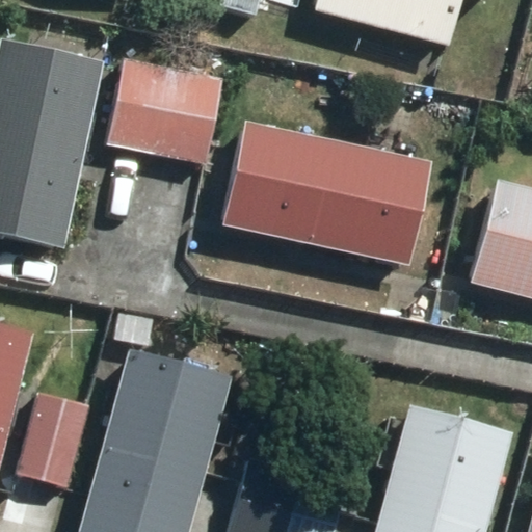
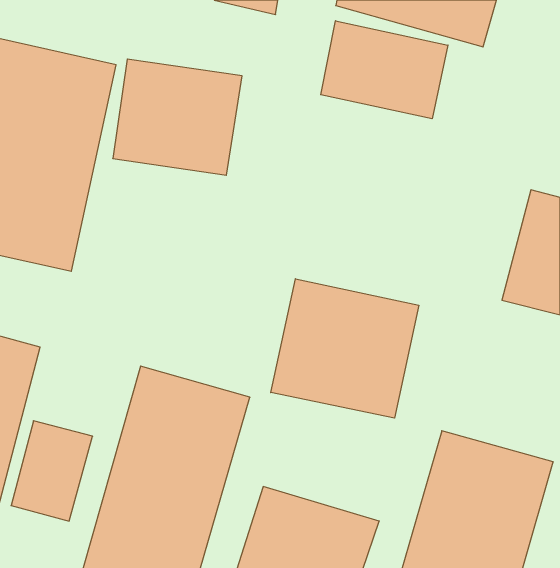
building: none -> [321,21,448,119]
building: [218,119,431,266] -> none
building: none -> [271,279,419,418]

